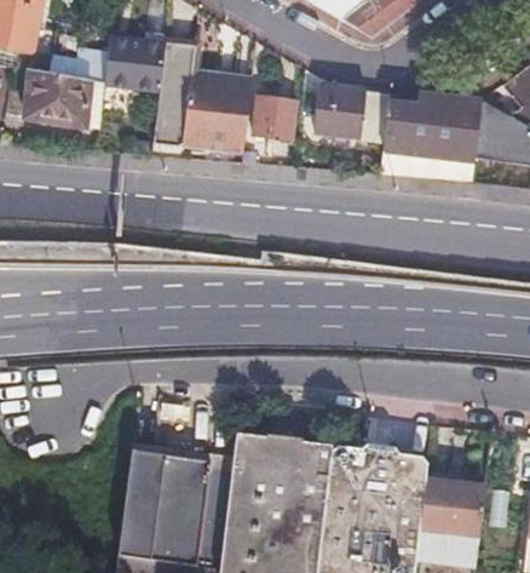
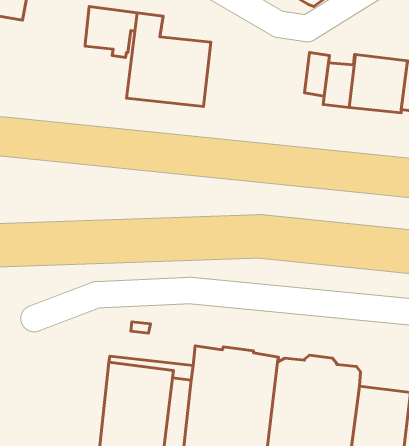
building: [28,67,105,126] -> none
building: [316,82,367,136] -> none
building: [253,97,296,137] -> none

